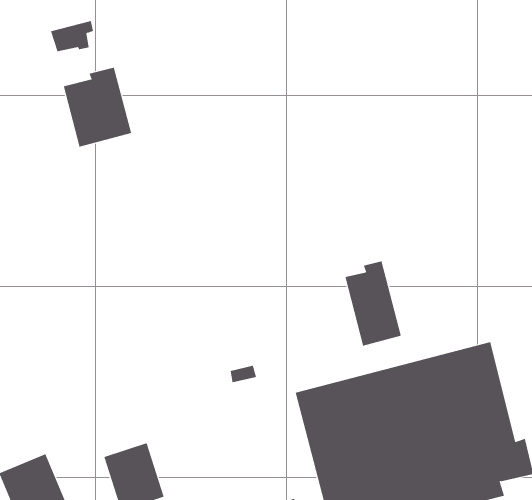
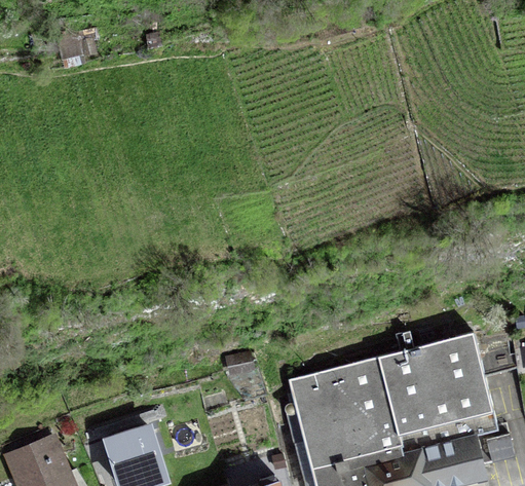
building: [63,67,132,148] -> none
building: [345,261,402,347] -> none

